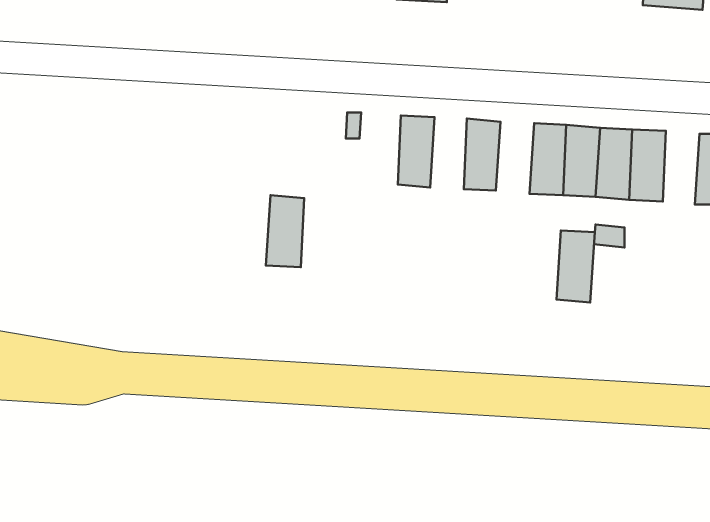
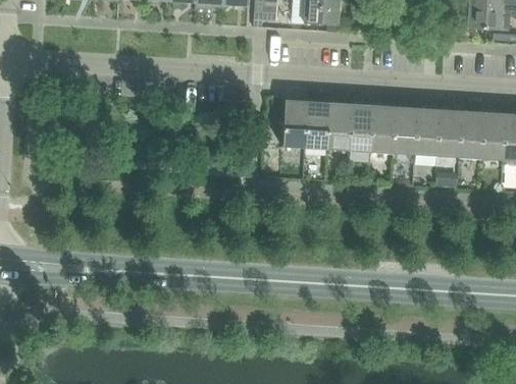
building: none -> [326,103,351,151]
building: none -> [481,112,506,161]
building: [266,195,304,267] -> [281,100,307,148]
building: [556,231,595,303] -> [370,106,396,154]

